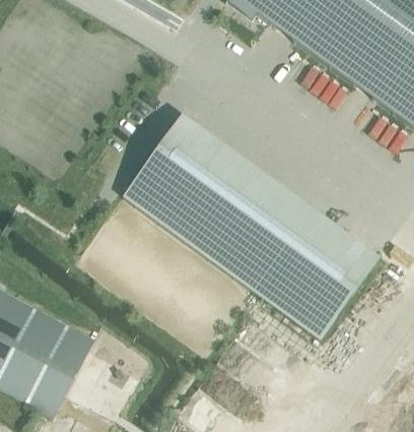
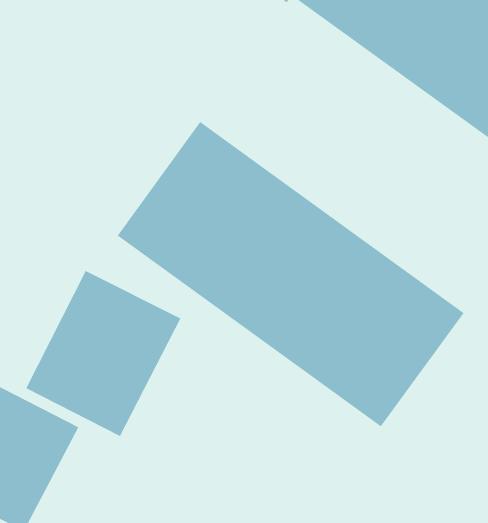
building: none -> [25,270,181,437]

